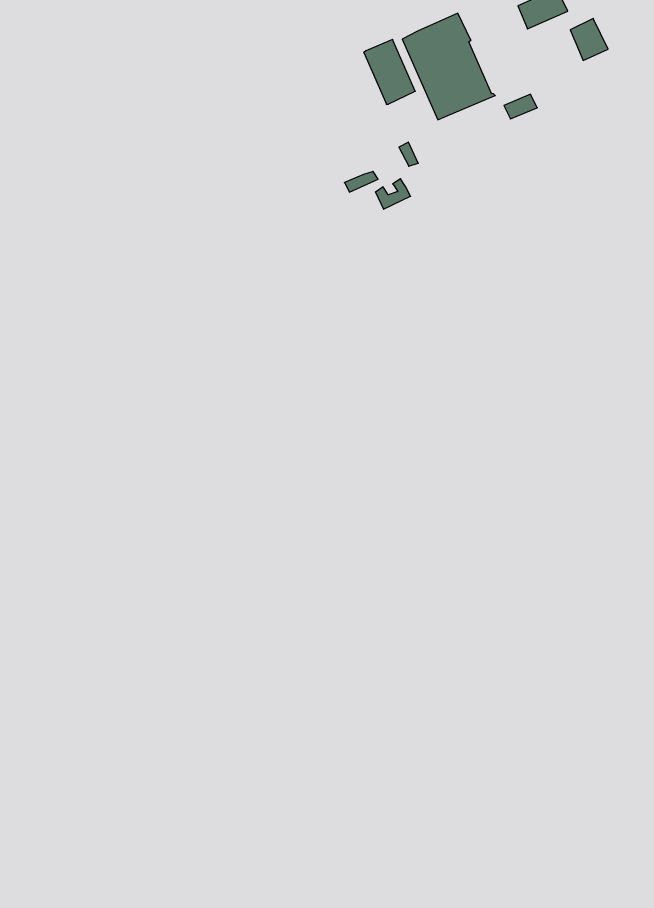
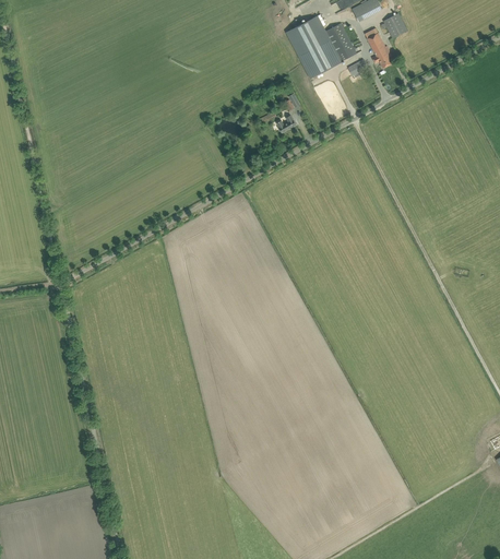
building: [364,39,415,104] -> [324,23,356,61]
building: none -> [364,27,391,68]

